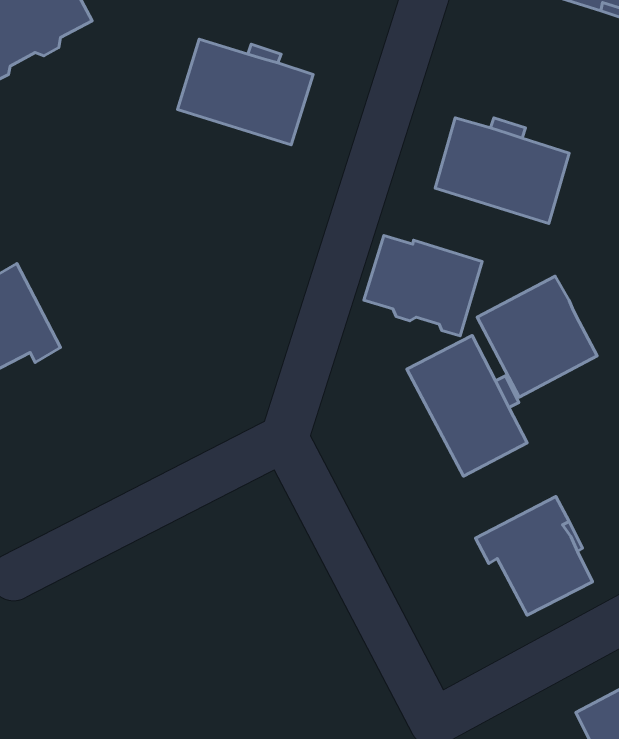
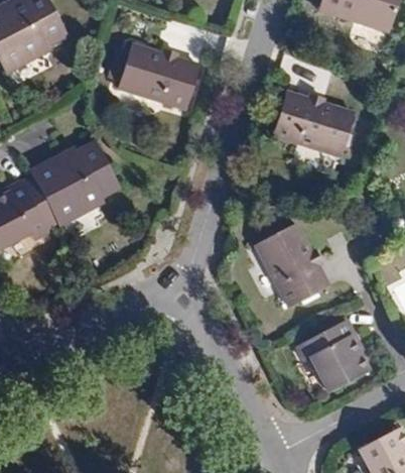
building: none -> [31,141,120,225]
building: [364,235,482,336] -> none
building: [477,276,597,397] -> none

